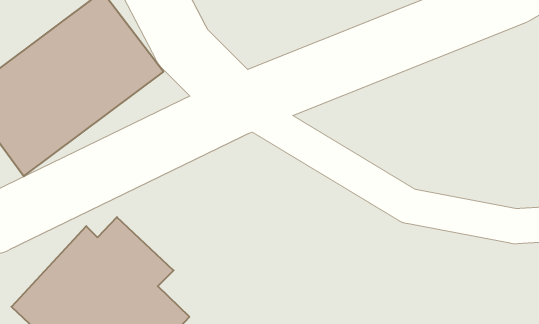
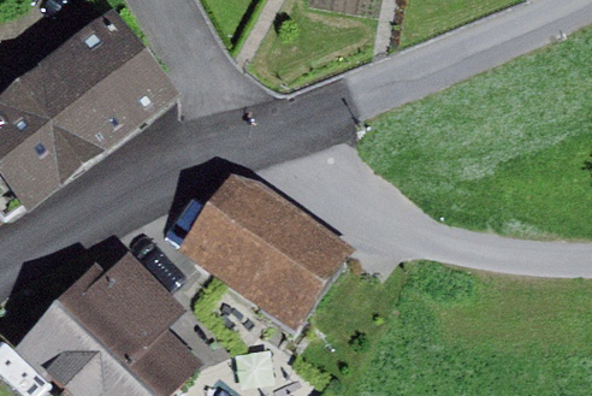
building: none -> [177,175,350,326]

